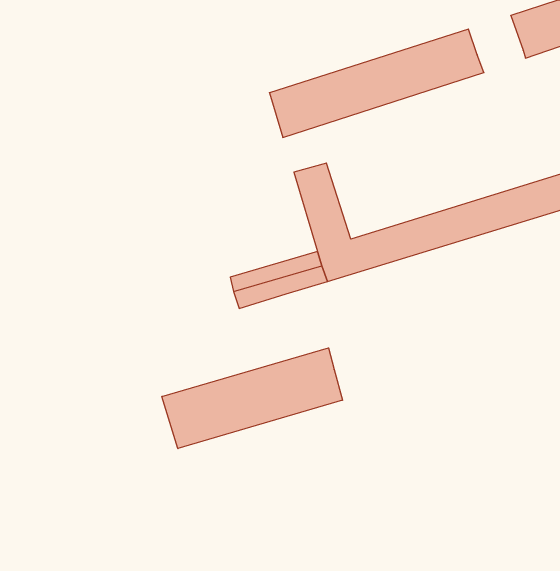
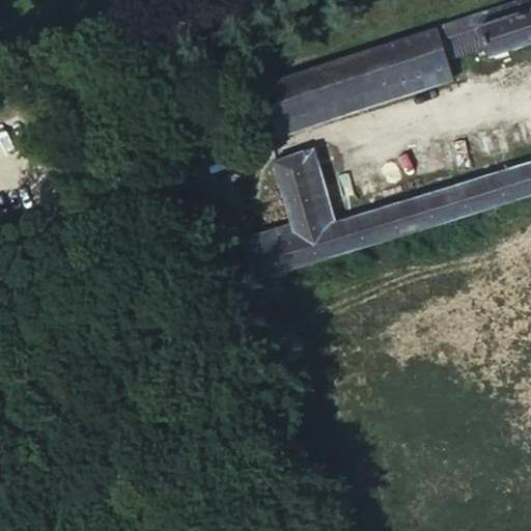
building: none -> [445,15,496,51]
building: [162,348,343,449] -> none

